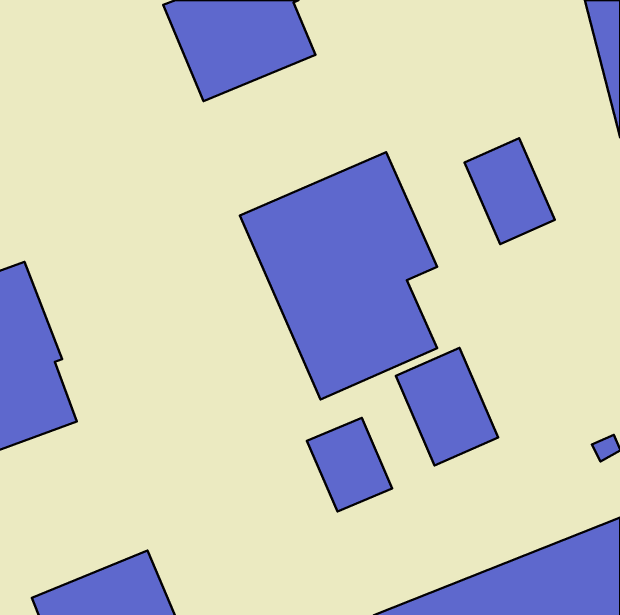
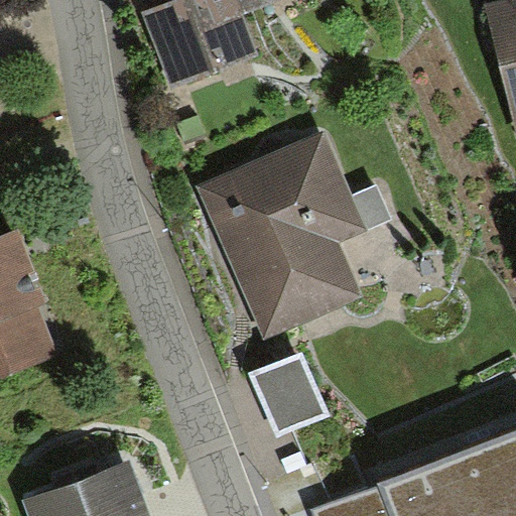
building: [465,138,555,244] -> none
building: [396,348,498,466] -> none

